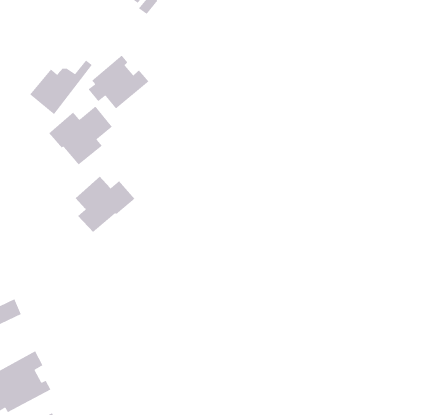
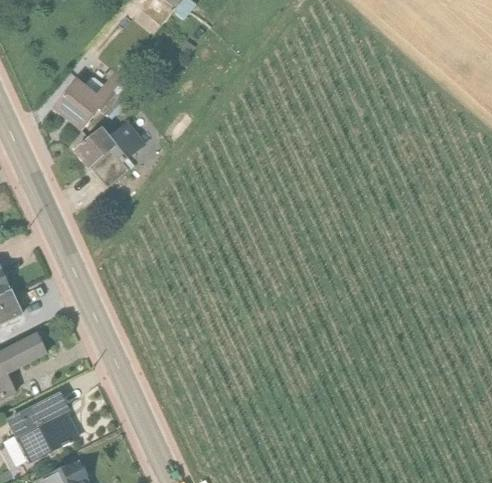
building: [88,54,149,109] -> none
building: [75,176,135,233] -> none

